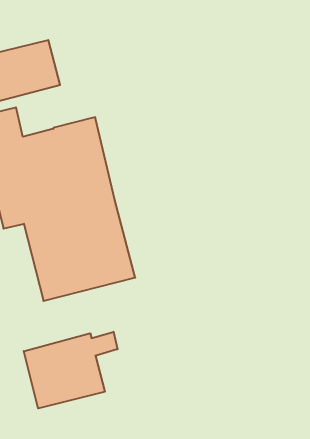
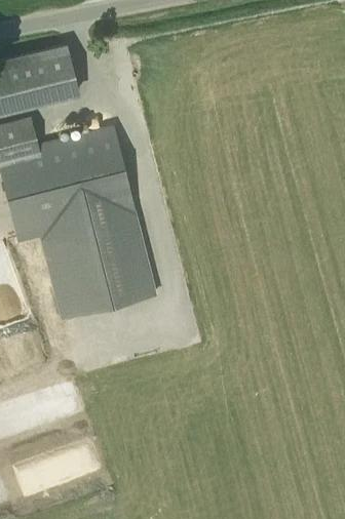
building: [24,332,118,408] -> none

